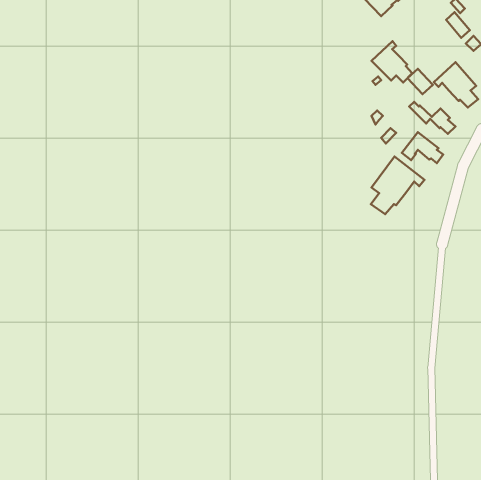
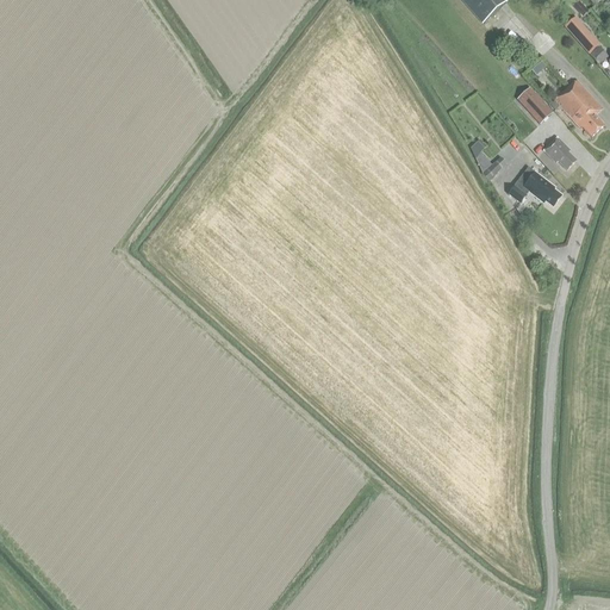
building: [372,41,412,83] -> none
building: [371,157,425,214] -> none

